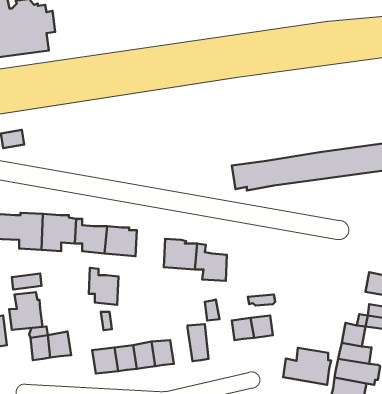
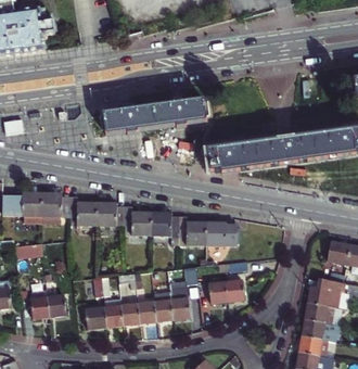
building: none -> [103,100,207,135]
building: none -> [203,227,235,253]
building: [89,268,118,305] -> [124,205,150,238]
building: [9,292,43,330] -> none
building: none -> [153,291,174,322]
building: [283,348,331,385] -> none

